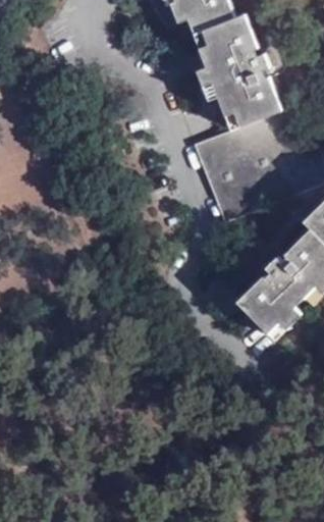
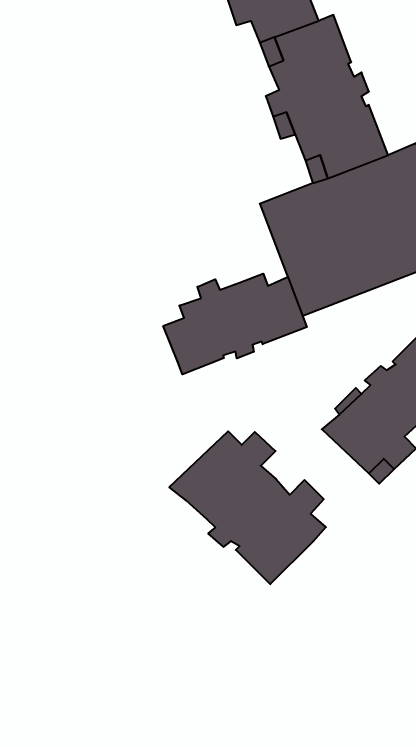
building: none -> [163,274,307,374]
building: none -> [169,431,326,584]

